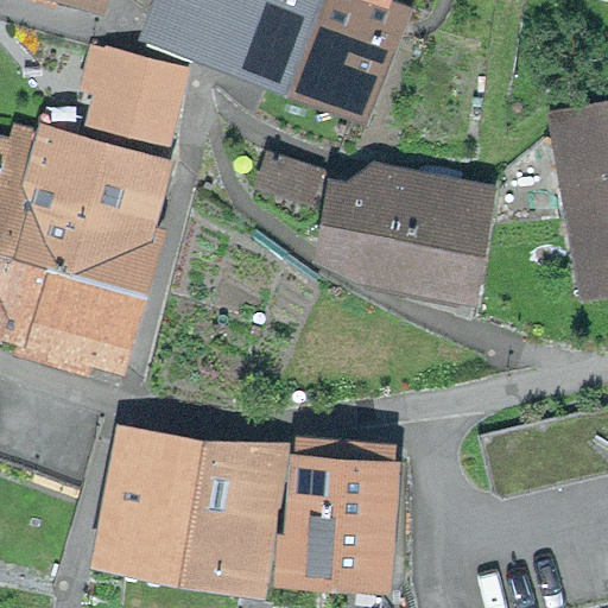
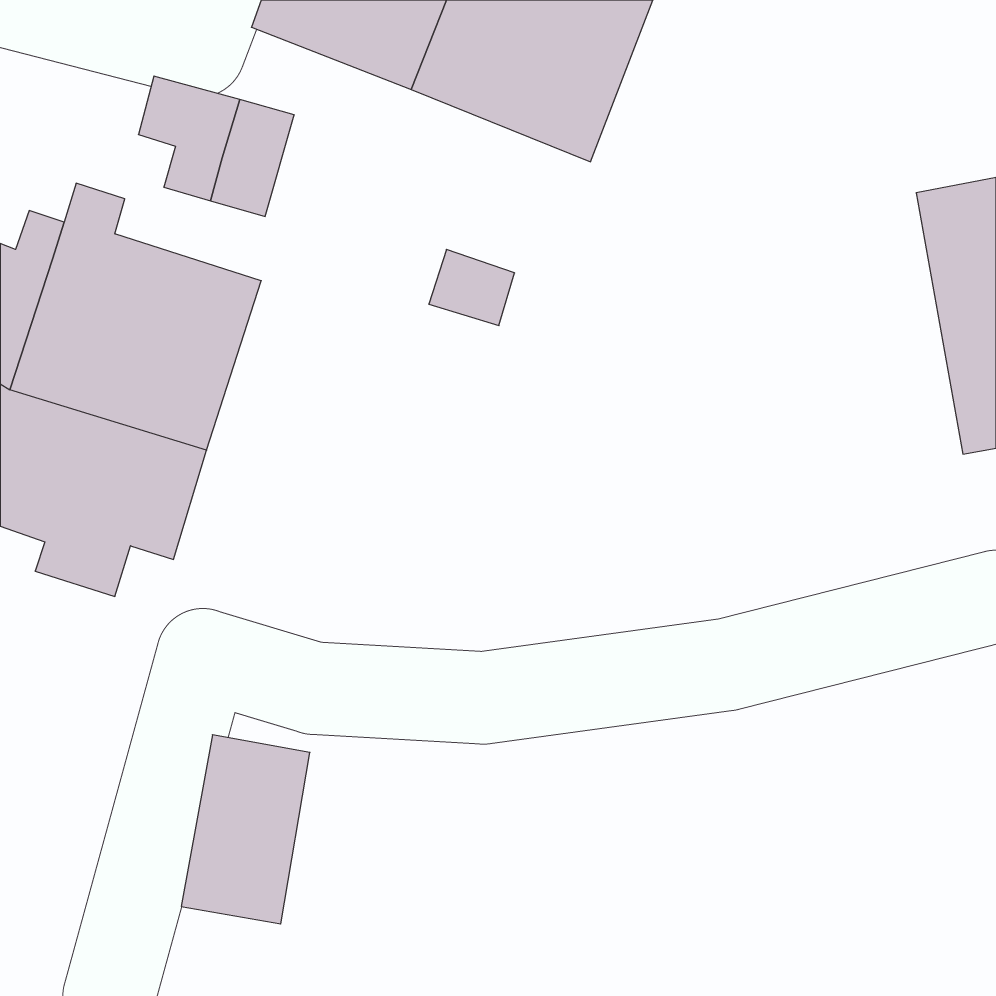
building: [336,178,473,292] -> none
building: [171,439,276,577] -> none
building: [286,441,386,570] -> none

